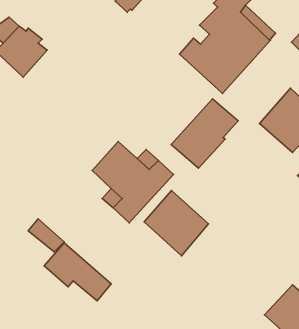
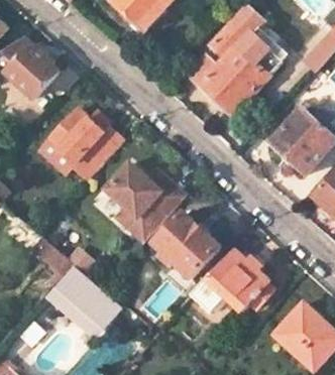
building: none -> [39,111,121,179]
building: [171,99,238,168] -> none
building: none -> [188,249,271,310]

